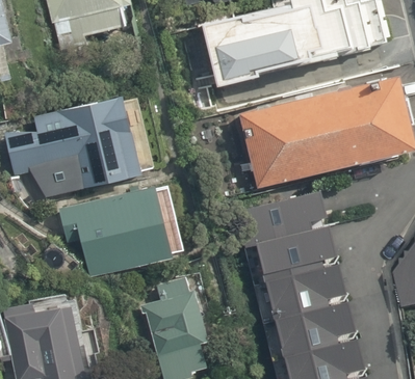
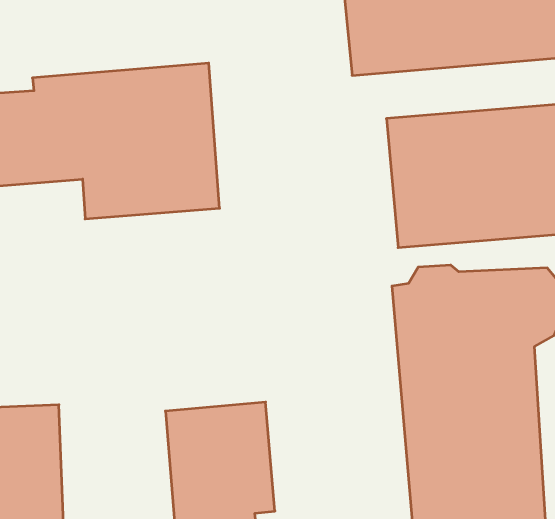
building: [56,188,173,277] -> none

